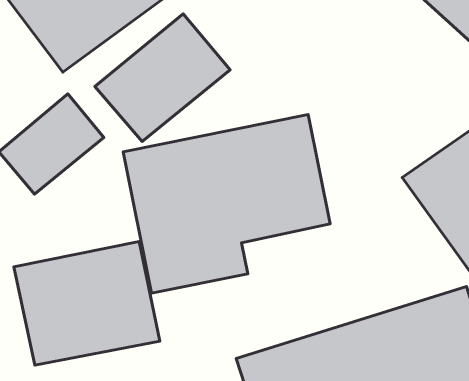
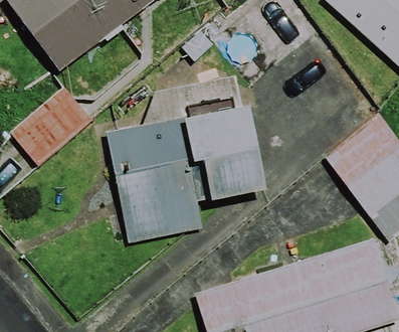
building: [95,14,230,141] -> none
building: [14,242,160,365] -> none

